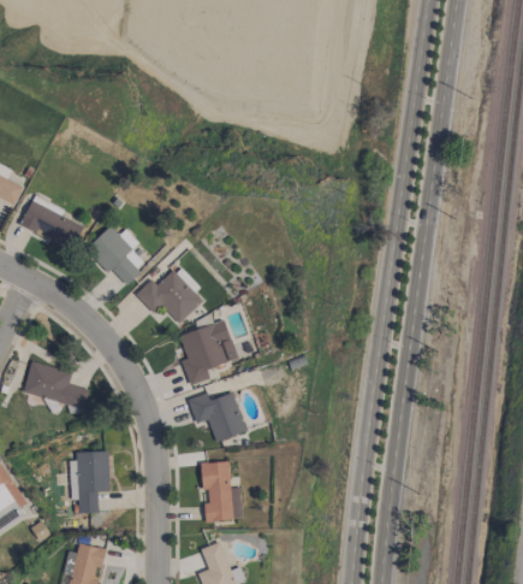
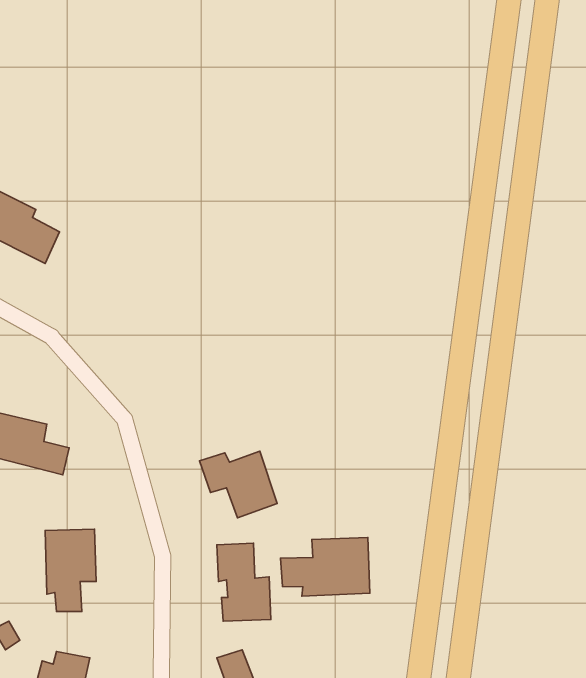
building: [85,226,147,284] -> none
building: [136,271,203,324] -> none
building: [179,320,237,385] -> none
building: none -> [281,538,370,596]

